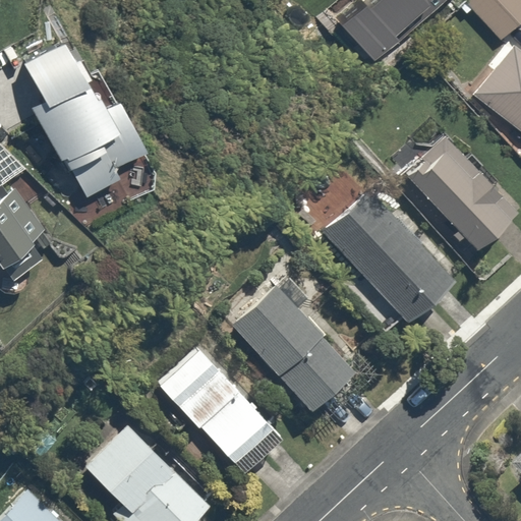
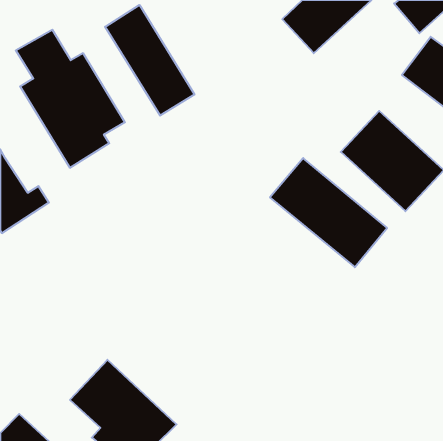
building: none -> [105,5,194,116]
building: [229,277,357,412] -> none
building: [165,351,289,475] -> none

